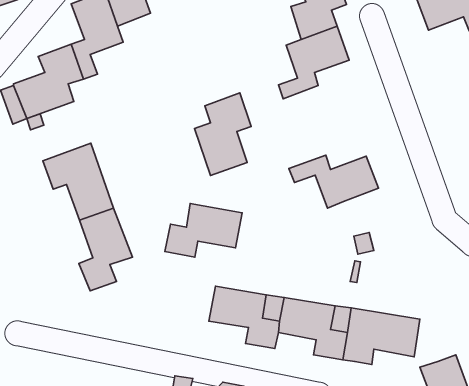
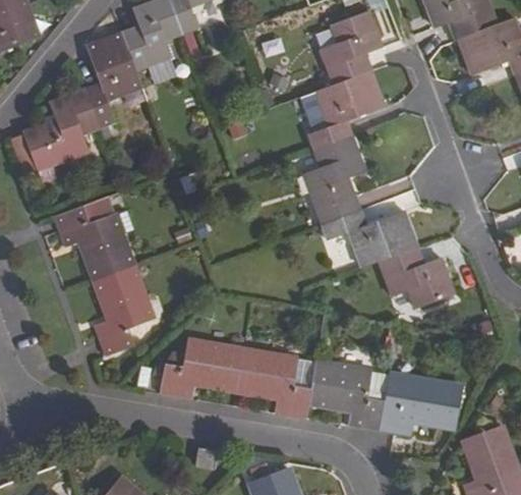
building: [194,93,251,176] -> [303,133,364,223]
building: none -> [380,244,454,307]
building: [165,204,242,257] -> [158,340,241,398]

